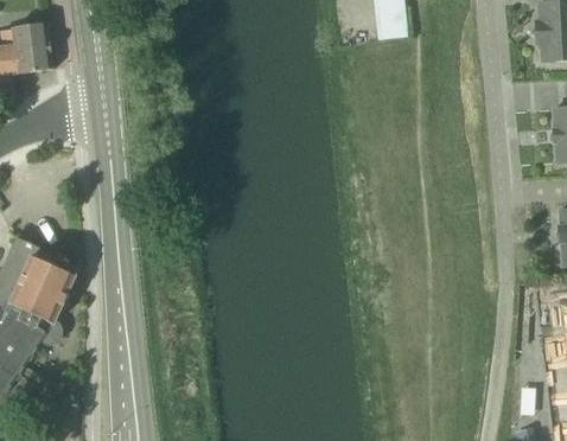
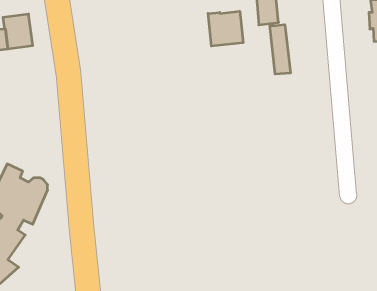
building: none -> [208,11,243,46]
building: none -> [270,25,290,74]

